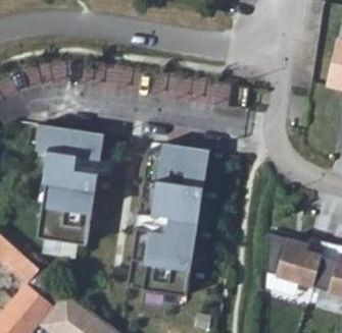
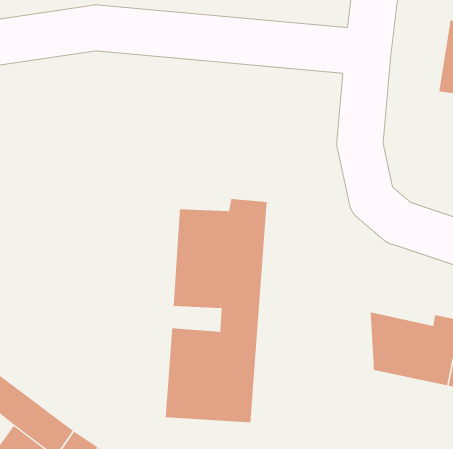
building: [39,126,104,245] -> none

